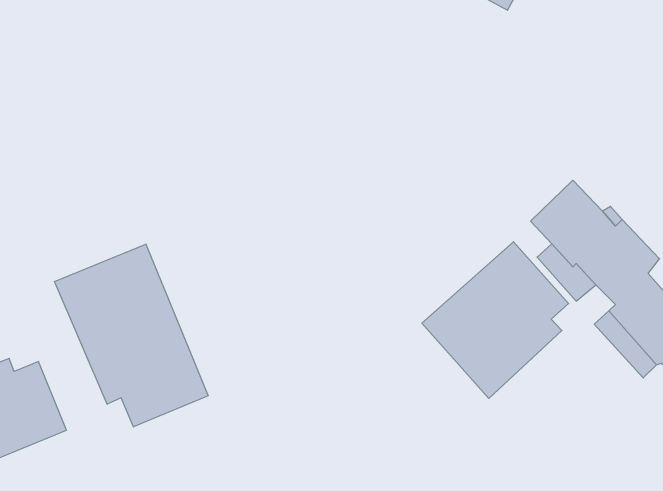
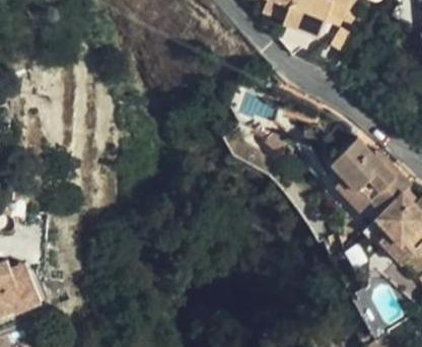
building: [422,242,569,398] -> none
building: [55,244,208,427] -> none

